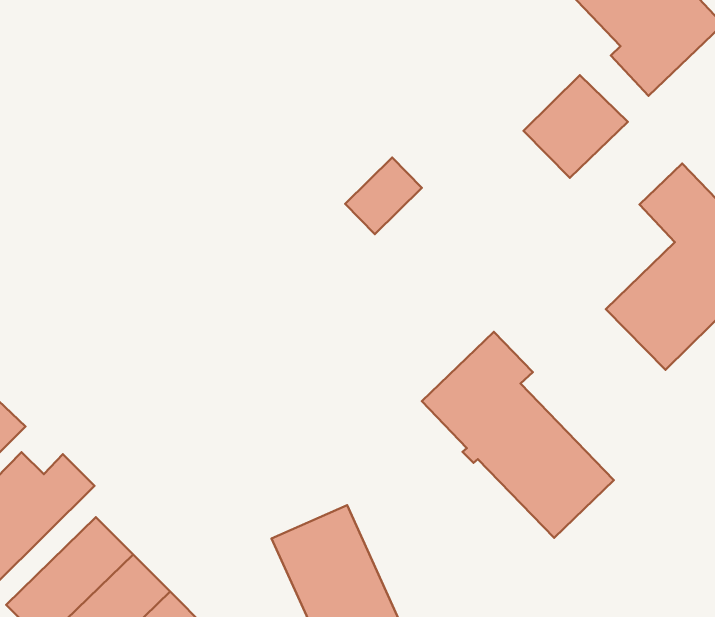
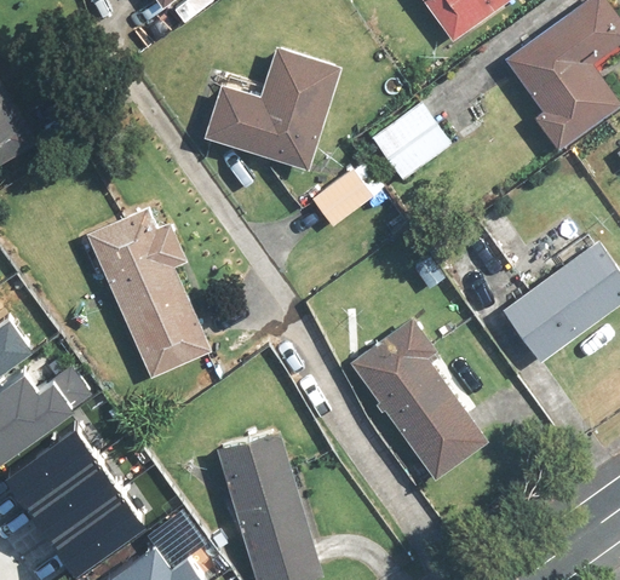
building: none -> [203,47,340,171]
building: [523,75,628,178] -> [372,103,453,180]
building: none -> [86,207,211,379]

